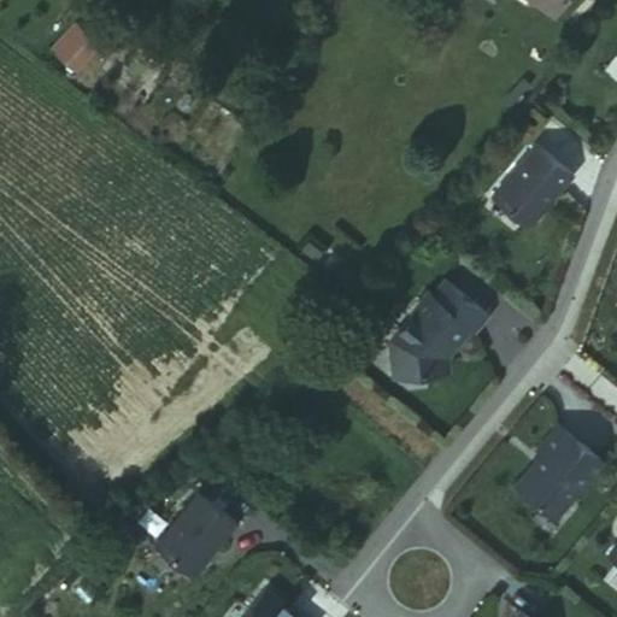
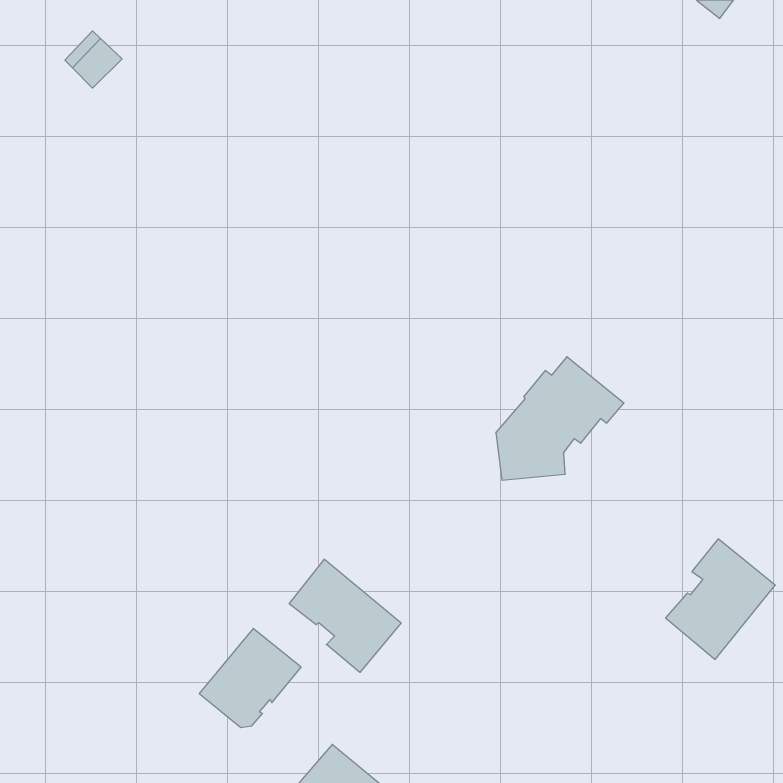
building: [498,148,574,222] -> none
building: none -> [289,559,401,672]

